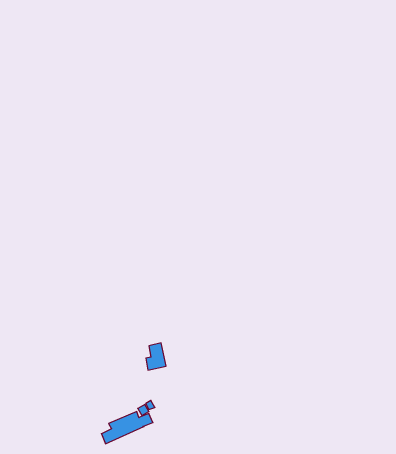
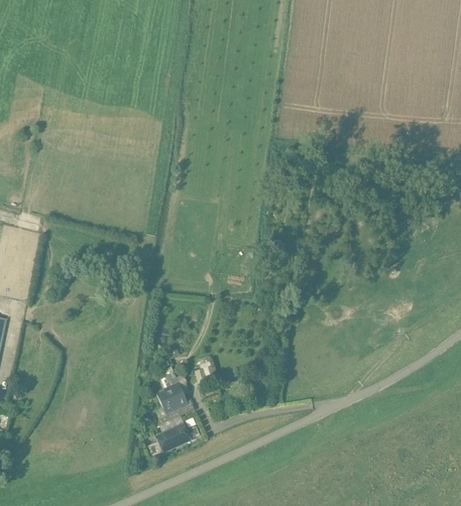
building: none -> [155,381,189,415]

